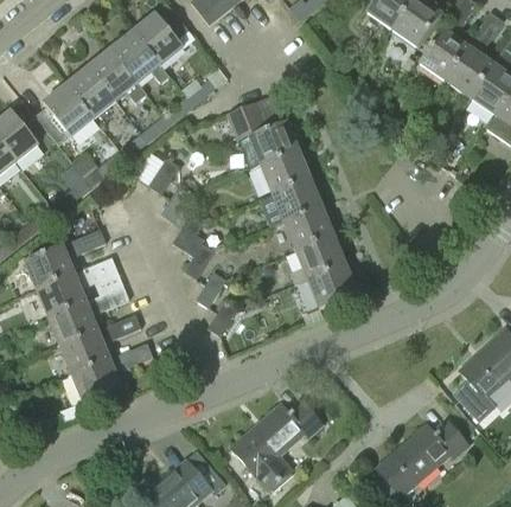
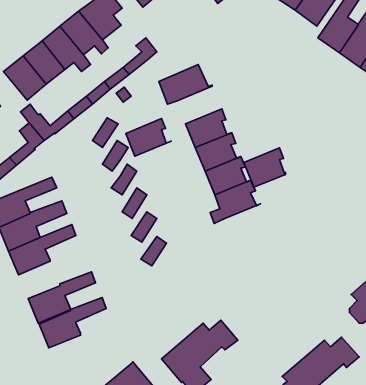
building: [249,120,304,165] -> [126,119,171,156]
building: [307,261,357,308] -> [244,148,285,187]
building: [59,314,140,374] -> [39,298,106,348]

